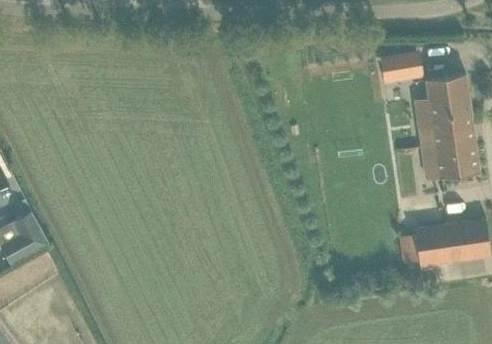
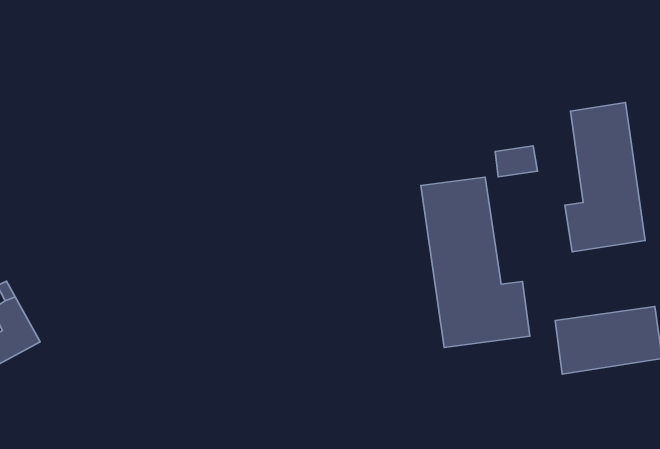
building: [380,61,410,83] -> [495,146,537,177]
building: none -> [421,177,530,347]

